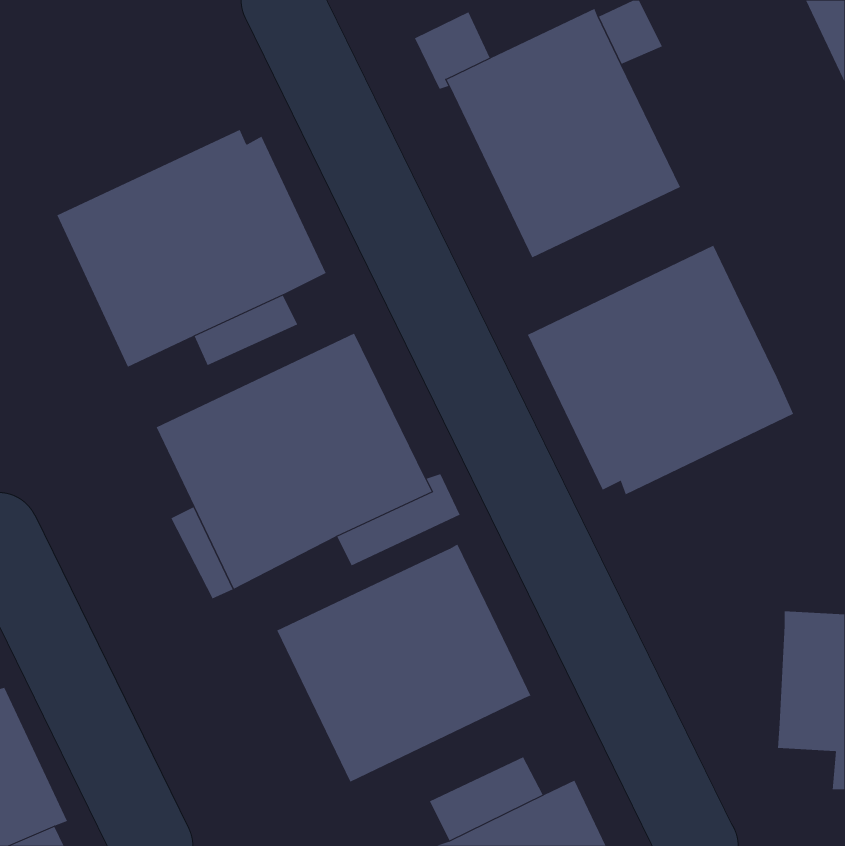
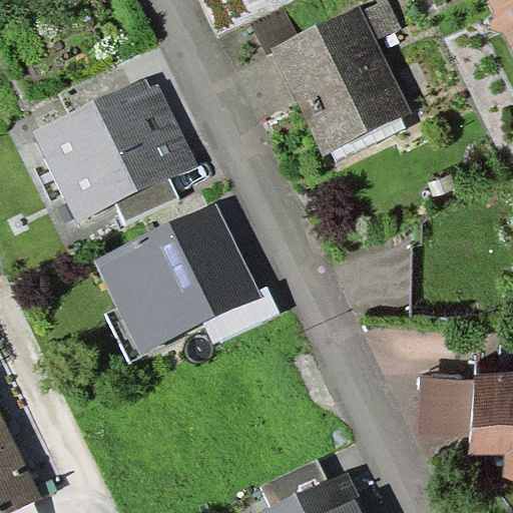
building: [527,245,794,495] -> none
building: [277,544,531,782] -> none
building: none -> [418,377,474,438]

